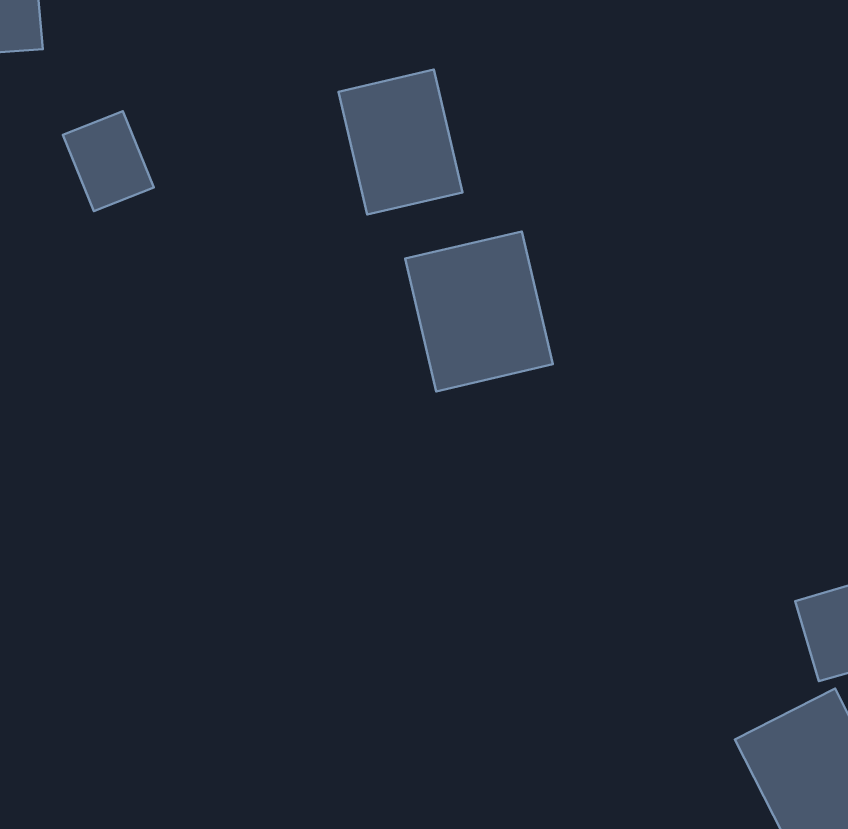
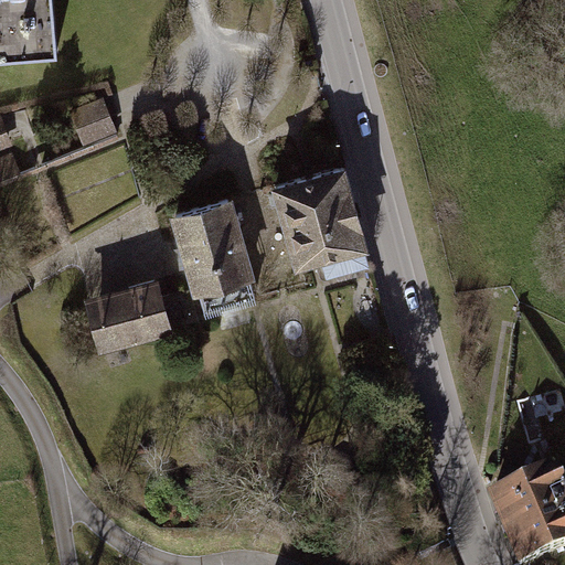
building: [339,70,463,214] -> none
building: none -> [173,204,254,303]
building: none -> [92,286,170,348]

